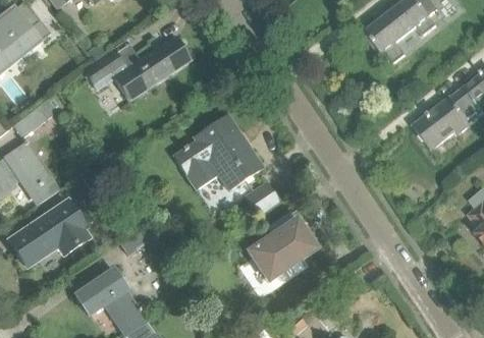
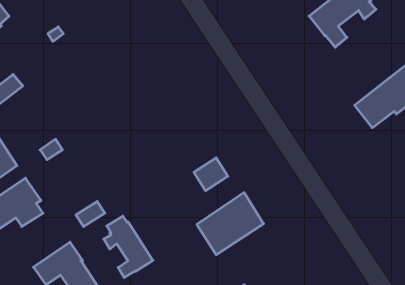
building: [83,35,192,101] -> none
building: [172,112,263,190] -> none
building: none -> [104,216,153,278]

